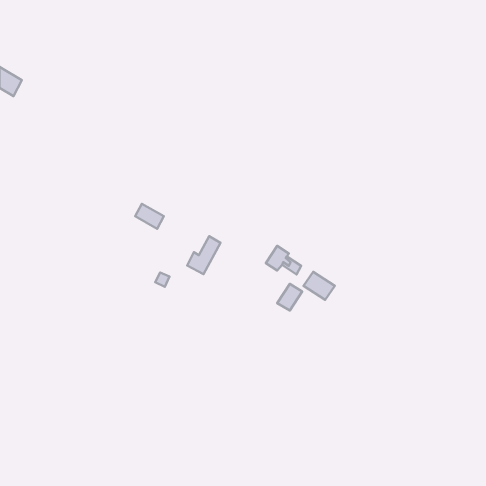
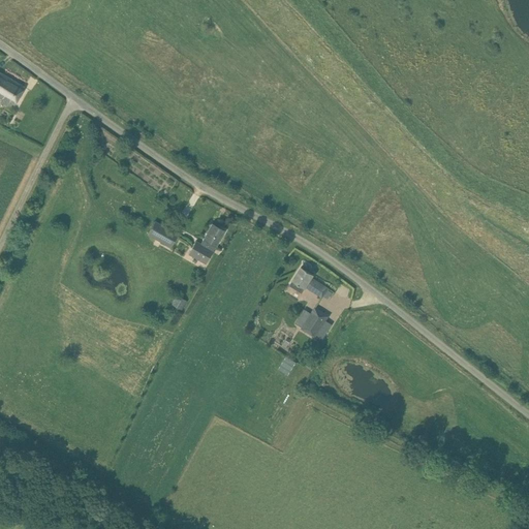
building: [187,236,221,274] -> [187,224,223,266]
building: [304,272,335,300] -> none

